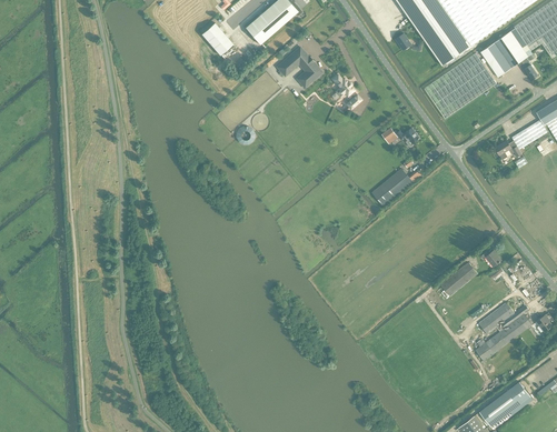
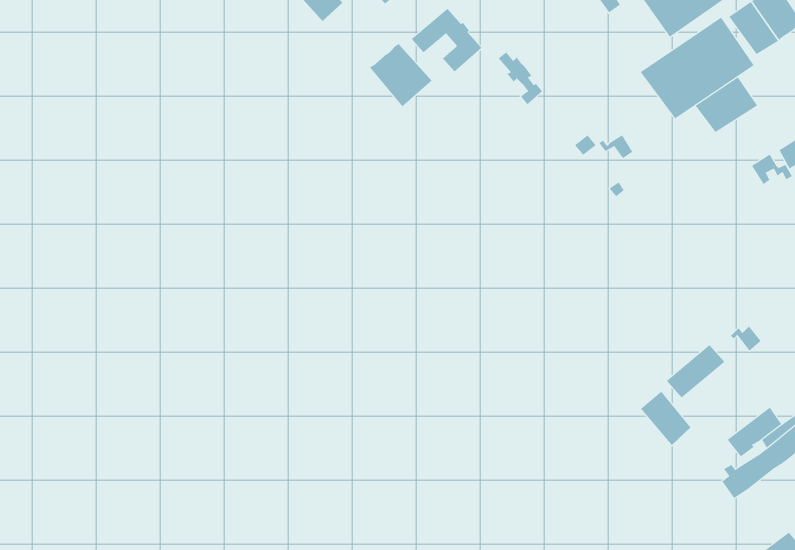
building: none -> [369,43,432,107]
building: none -> [695,76,758,133]
building: [372,167,414,204] -> none
building: none -> [640,391,691,446]

